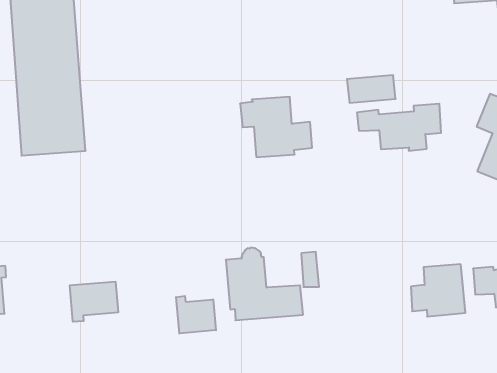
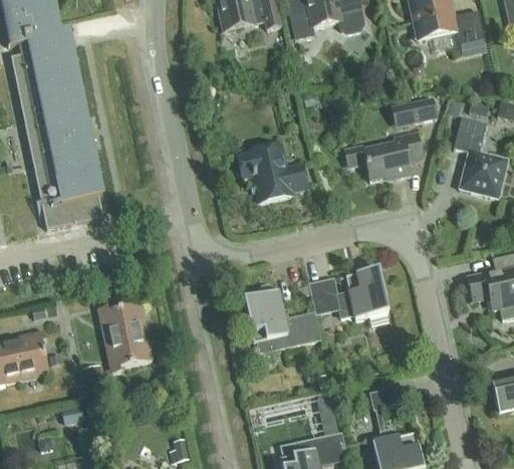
building: [347,75,396,103] -> [390,96,436,127]
building: none -> [99,303,148,340]
building: [411,264,465,317] -> [337,268,390,319]
building: [176,296,216,334] -> none

